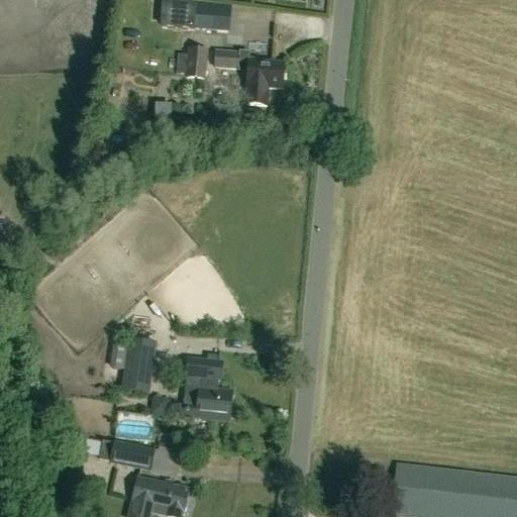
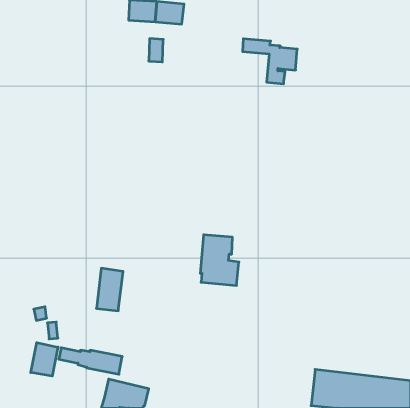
building: [215,49,284,106] -> [243,39,297,84]
building: [183,356,231,420] -> [200,235,239,285]
building: none -> [31,343,58,376]

